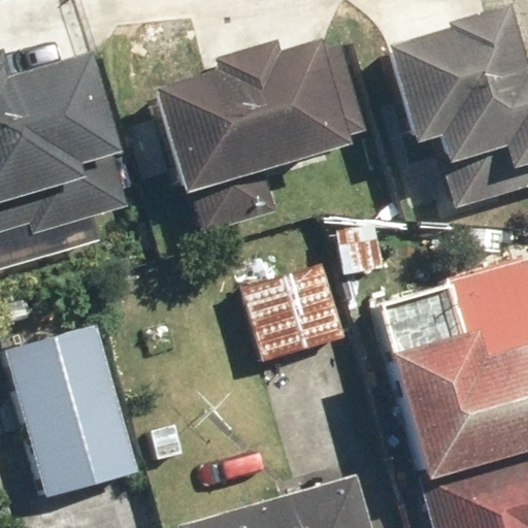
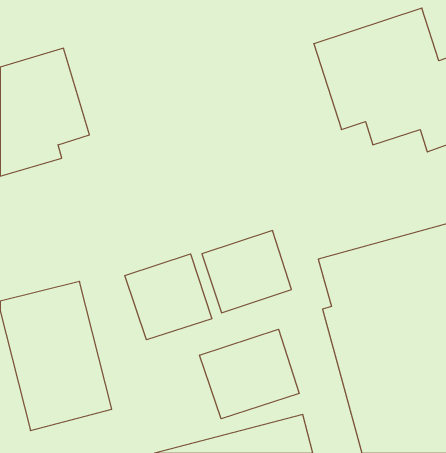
building: [151,42,346,193] -> none
building: none -> [125,254,212,340]
building: none -> [200,329,299,419]

